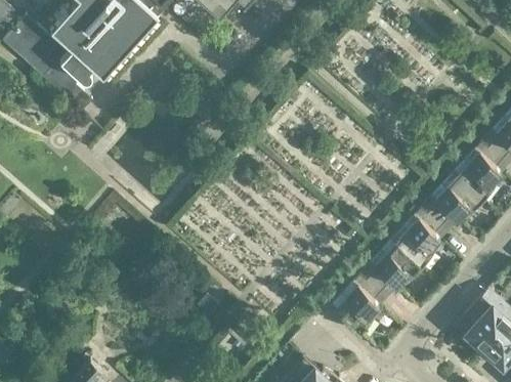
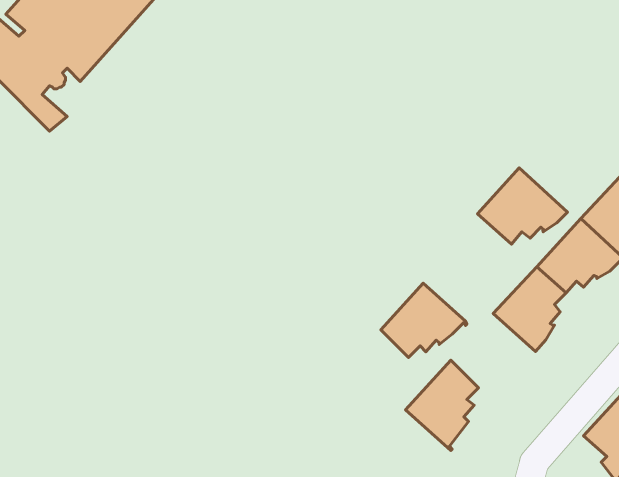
building: none -> [478,168,567,244]
building: [363,241,423,293] -> [381,283,467,358]

